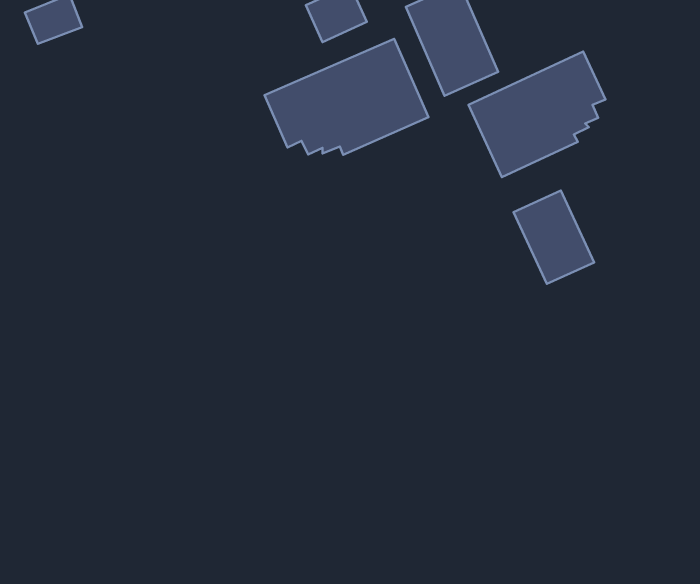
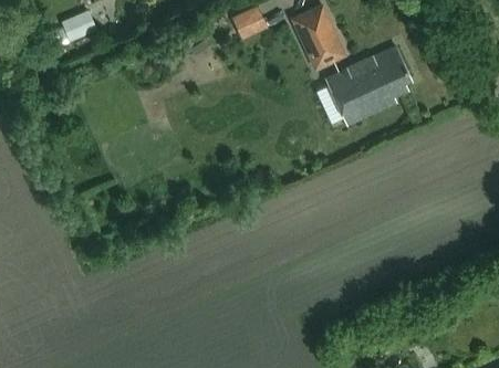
building: [264,39,429,155] -> none
building: [514,191,594,284] -> none

